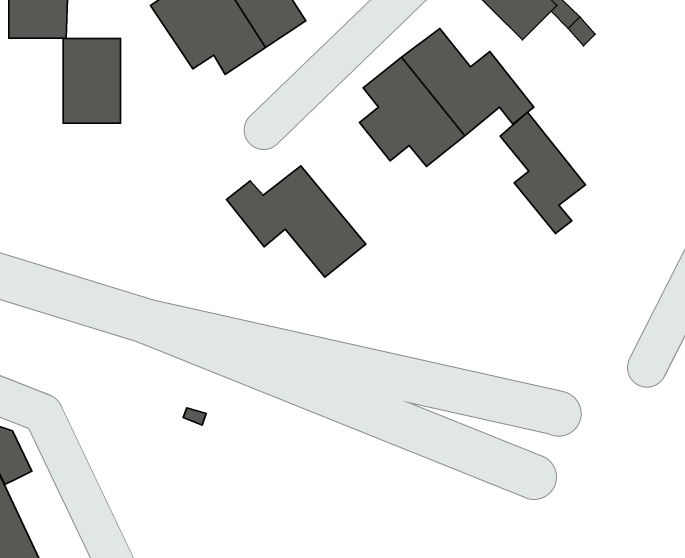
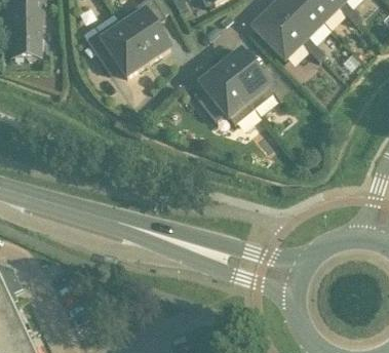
building: [63,39,121,123] -> none
building: [500,112,586,234] -> none
building: [227,166,366,277] -> none

